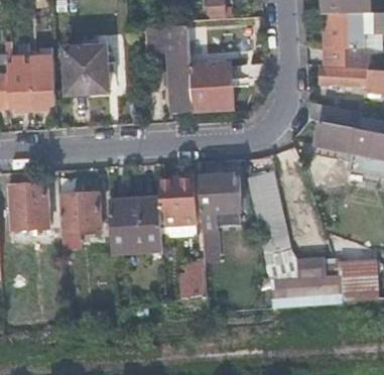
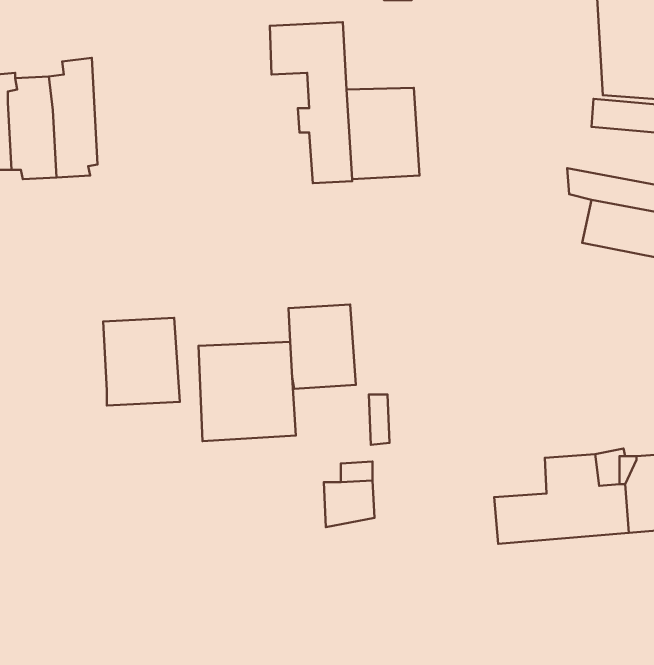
building: [65,45,110,93] -> none
building: [248,172,297,282] -> none
building: [199,175,241,212] -> none
building: [8,182,60,228] -> none

